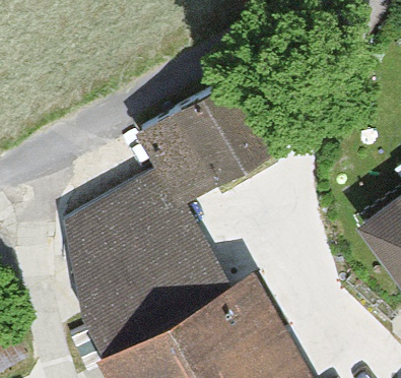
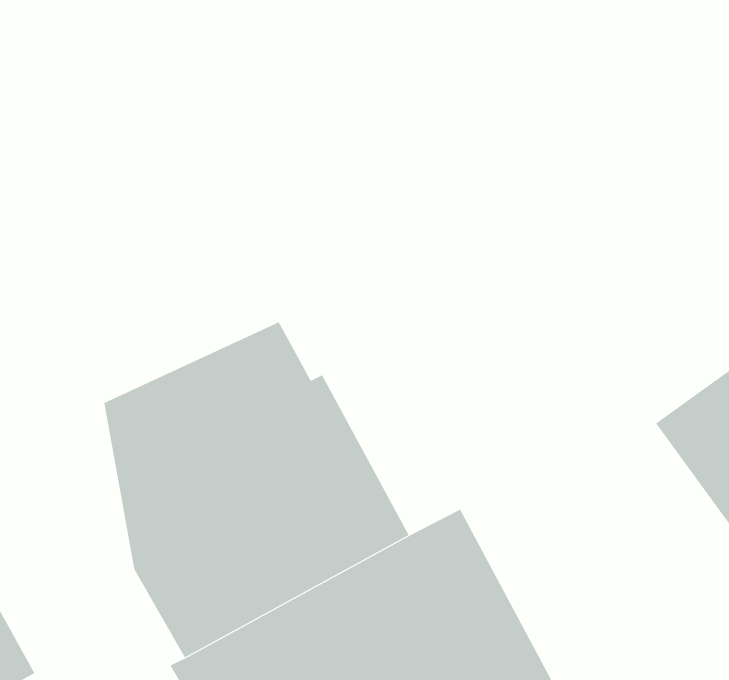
building: [137,76,287,206] -> none

